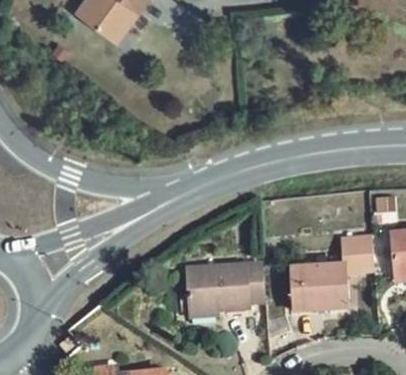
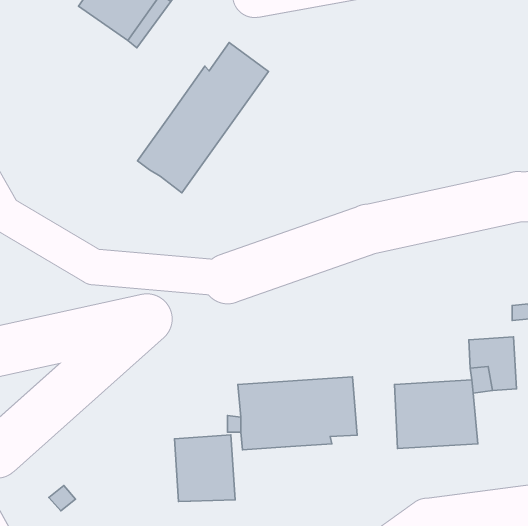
building: none -> [137,43,268,193]
building: none -> [175,435,235,502]

